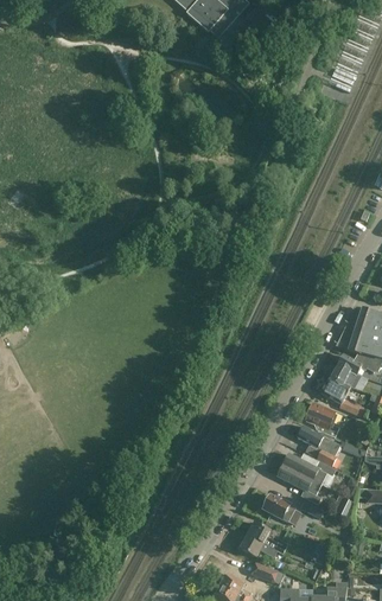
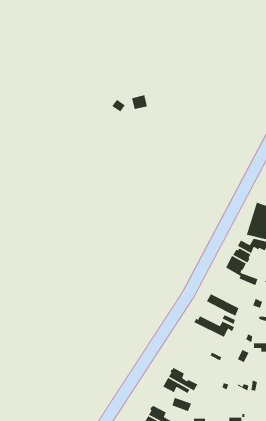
building: [306,402,339,436] -> none
building: [276,463,320,503] -> none
building: [262,493,295,520] -> none

